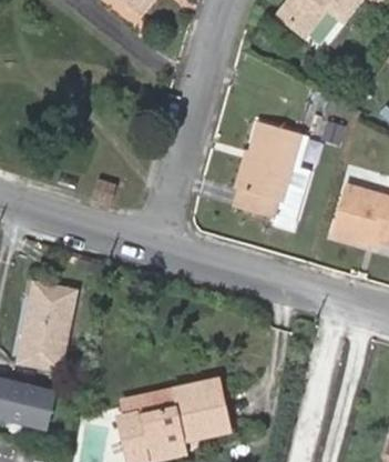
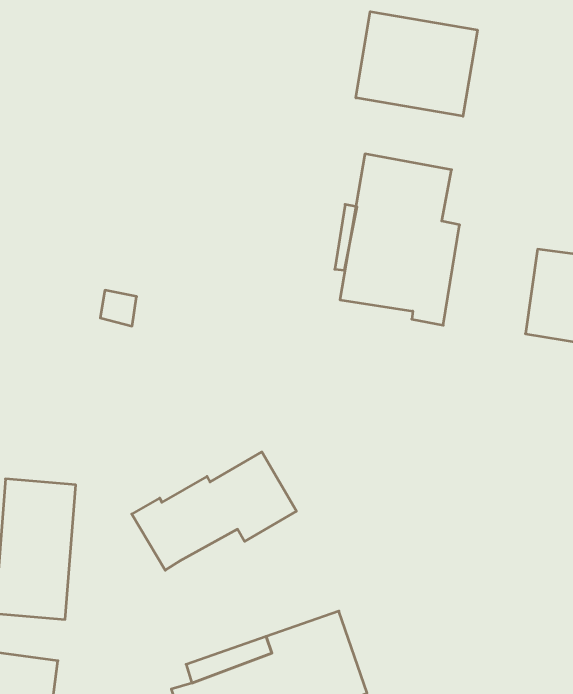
building: none -> [356,12,477,116]
building: none -> [132,452,296,570]

